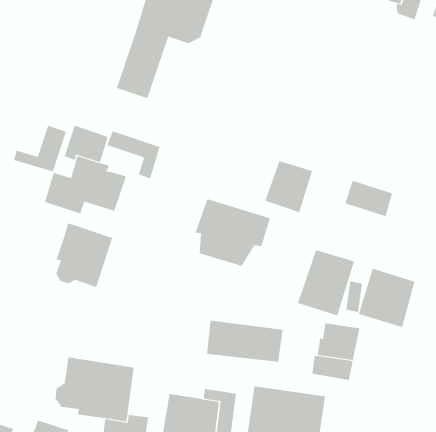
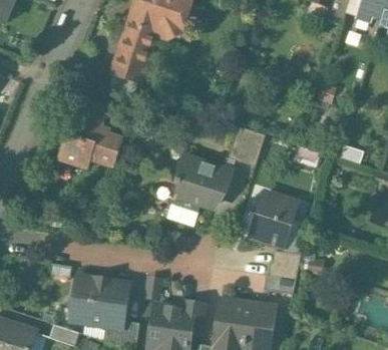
building: [13,125,66,172] -> none
building: [106,130,160,179] -> none
building: [56,223,113,288] -> none
building: [358,268,415,328] -> none
building: [206,320,283,363] -> none

